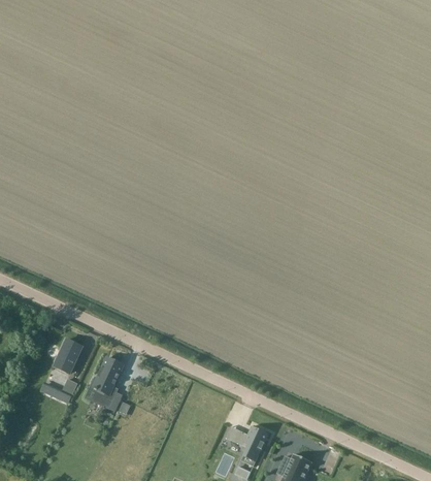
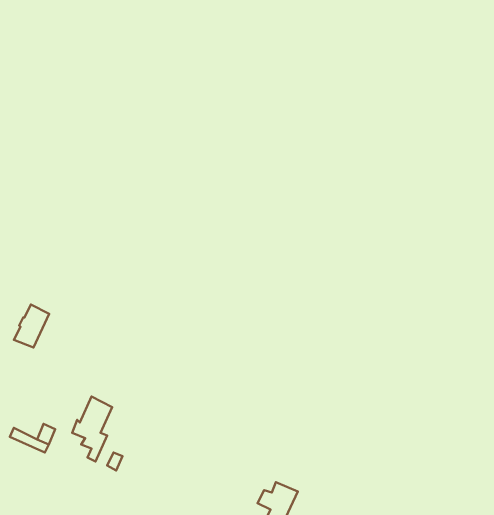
building: [53,340,80,374] -> [14,305,49,347]

